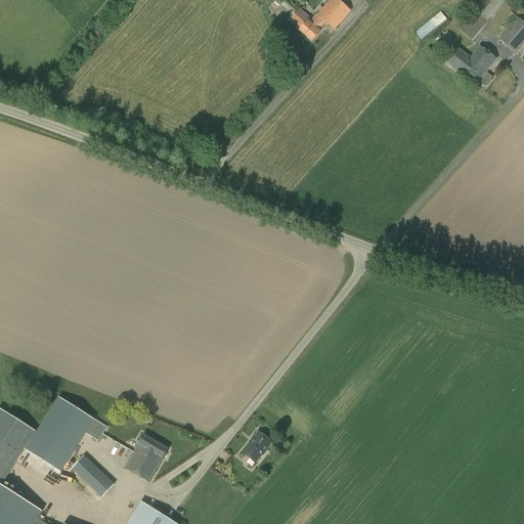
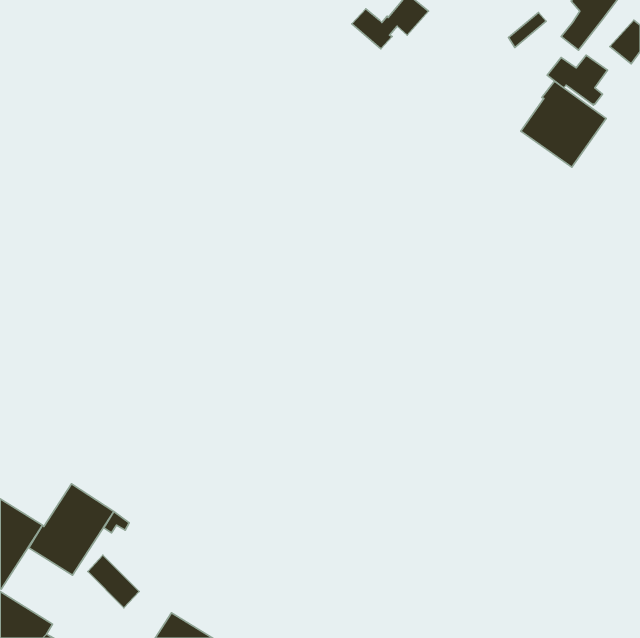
building: none -> [521,81,606,167]
building: [242,430,272,462] -> none
building: [125,434,167,480] -> none

